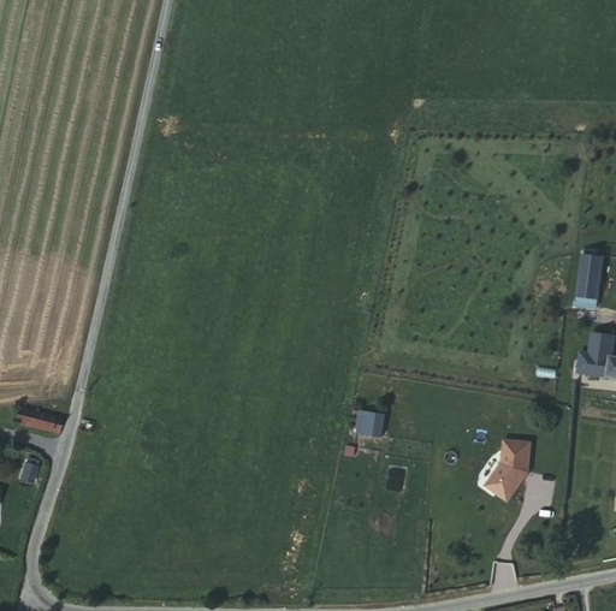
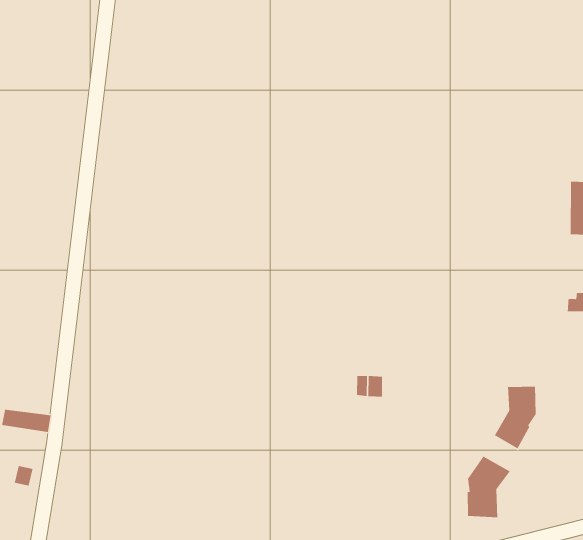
building: none -> [467,455,511,518]

